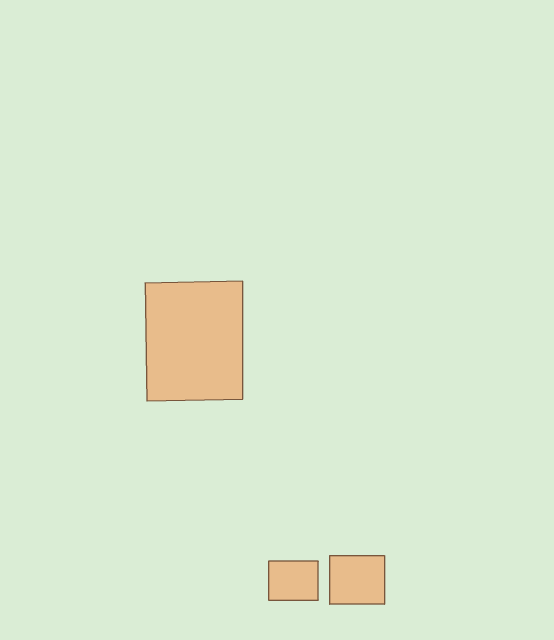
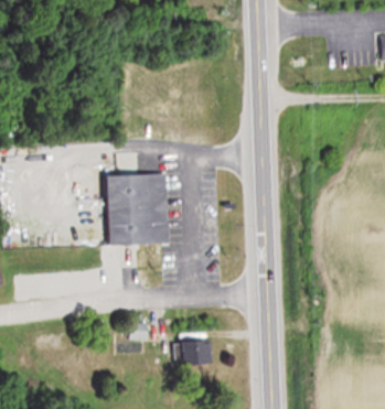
building: [330,556,384,604] -> none

